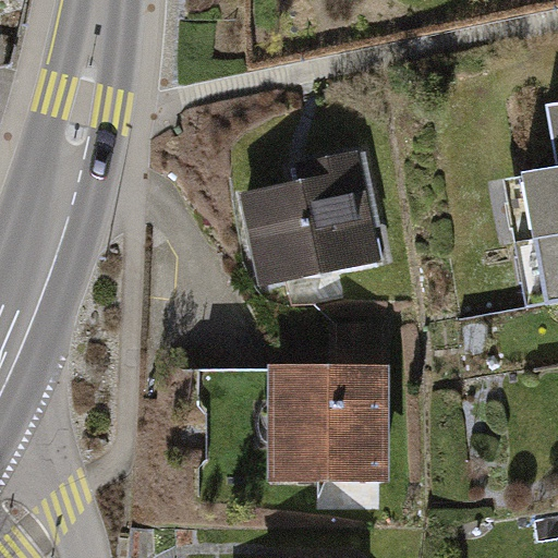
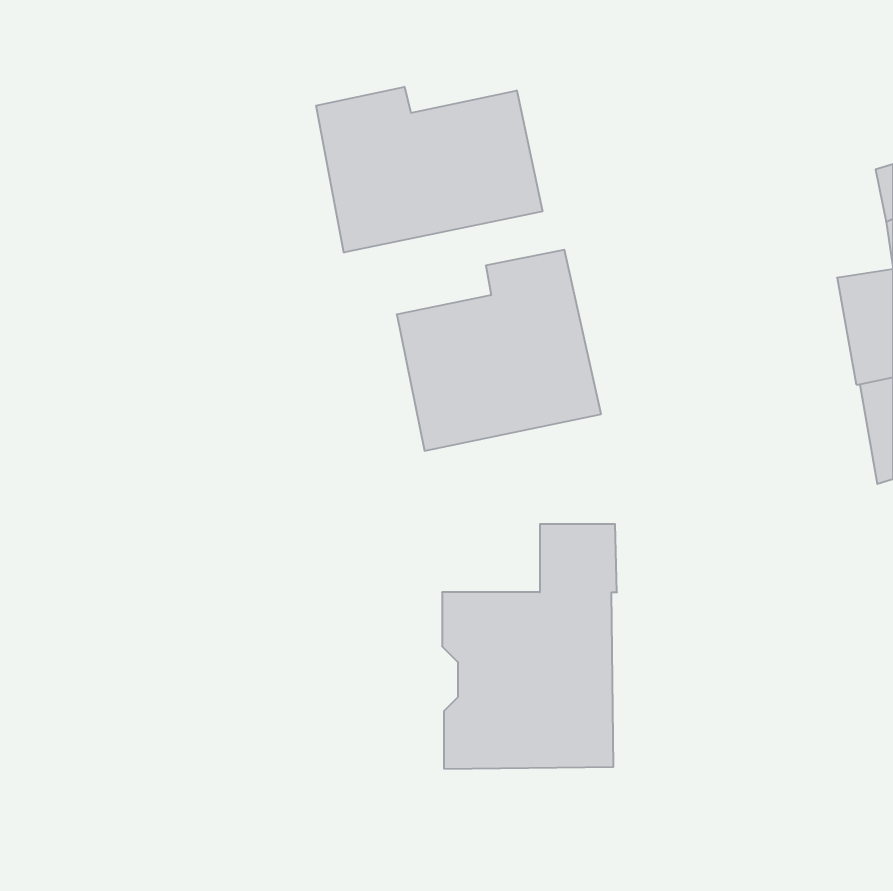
building: none -> [316,87,542,253]

